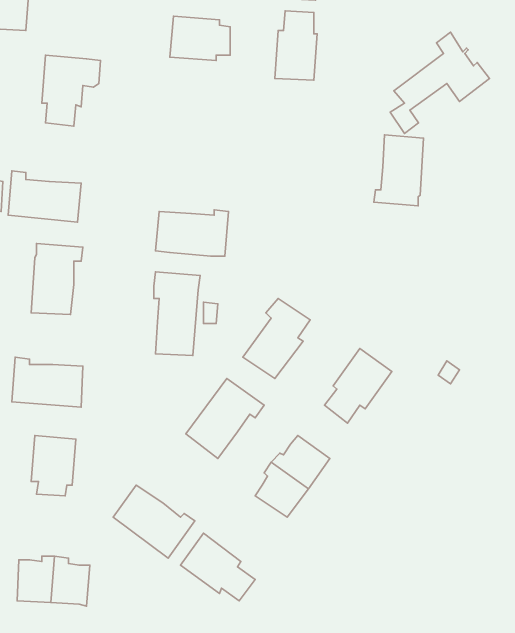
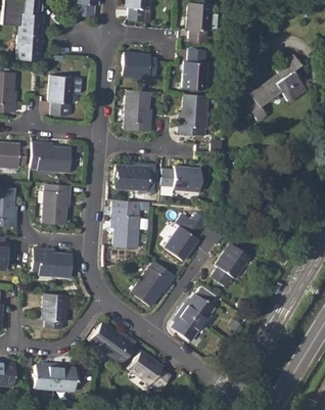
building: none -> [126,91,151,132]
building: [374,135,424,206] -> [179,95,207,136]
building: none -> [160,168,201,192]

